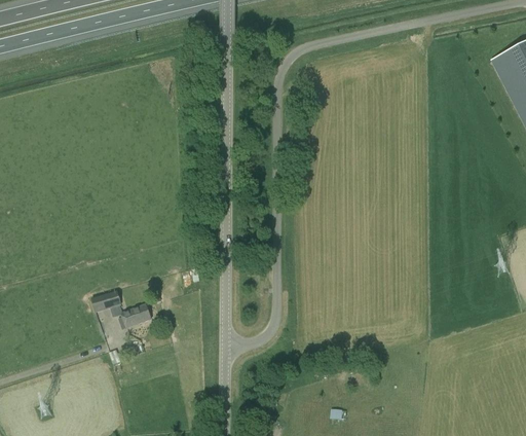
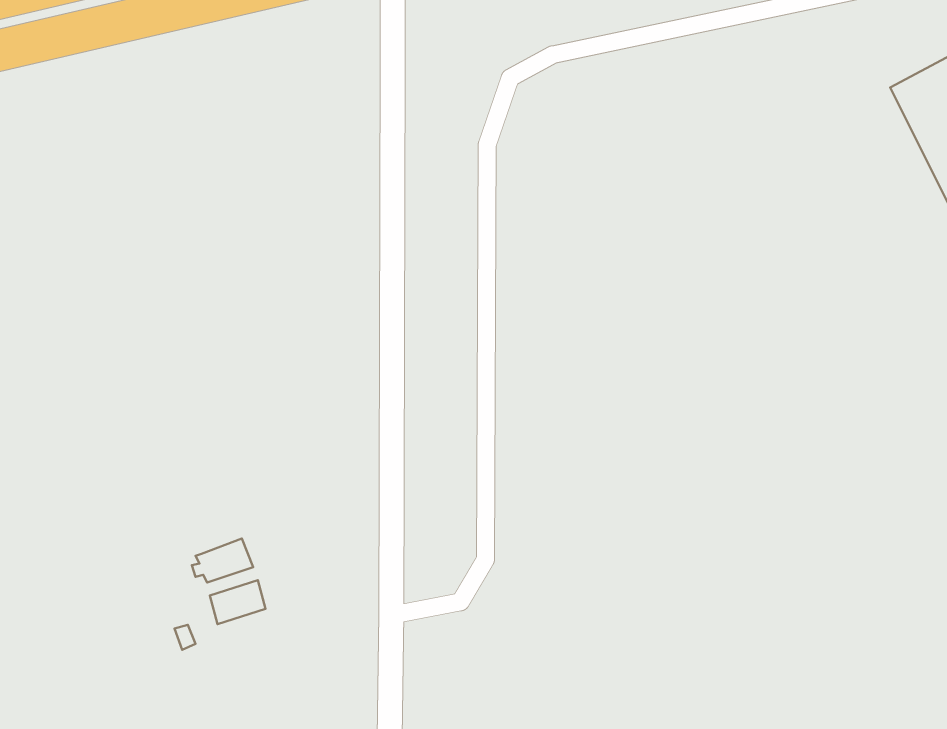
building: [90,289,120,313] -> [210,580,266,624]

